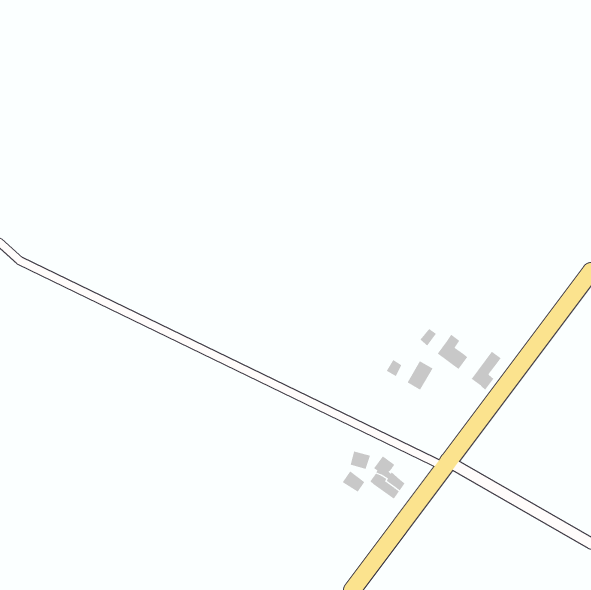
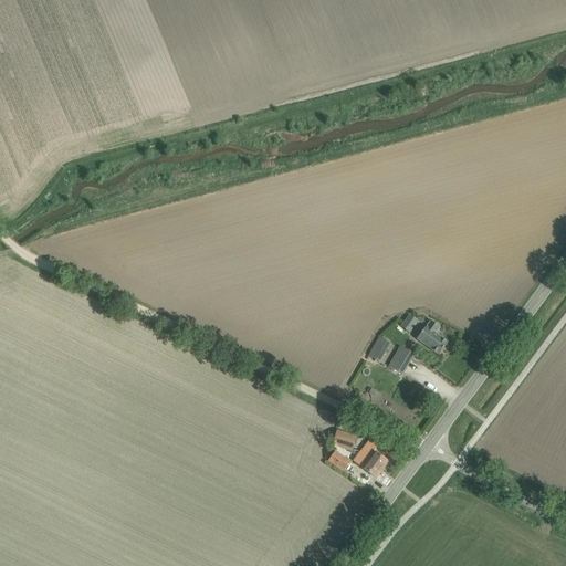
building: [471,351,501,390] -> none

